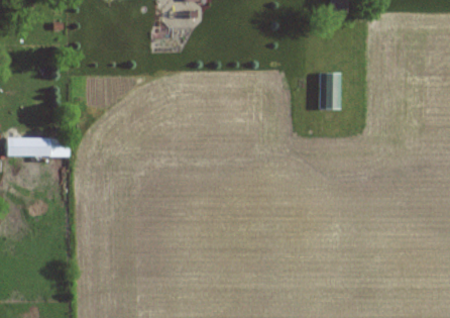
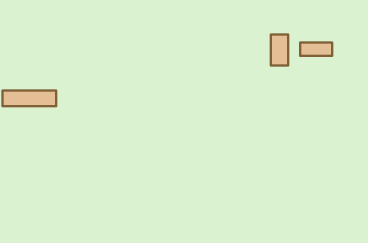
building: none -> [300,42,332,56]

